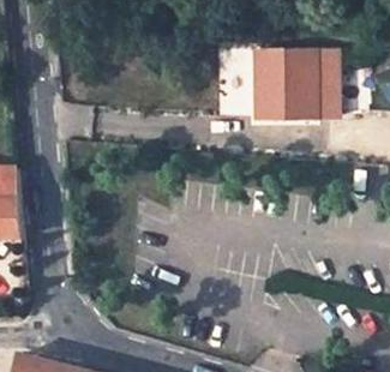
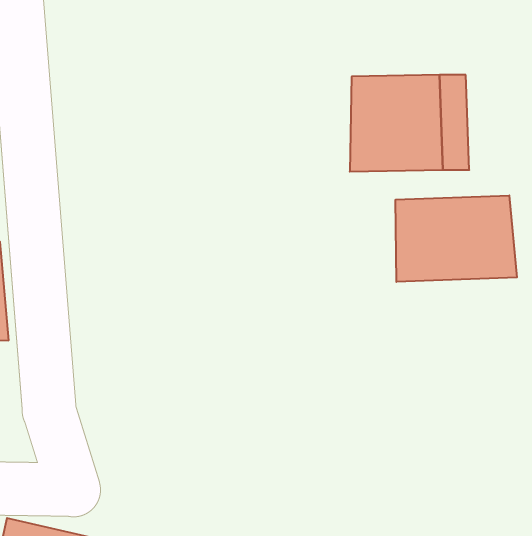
building: none -> [396,195,517,282]

